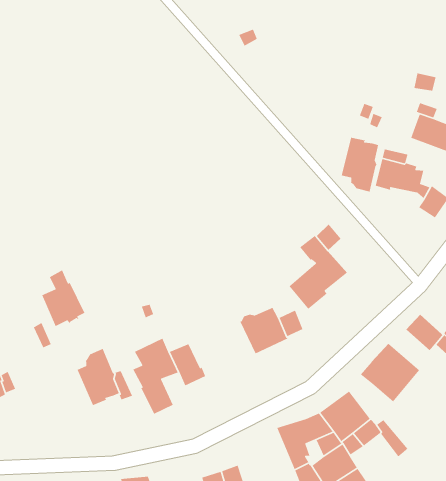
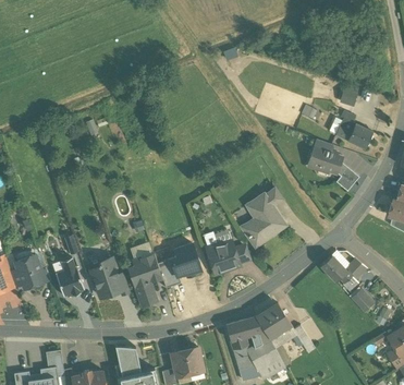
building: [341,137,379,192] -> none
building: [41,269,86,327] -> [56,257,85,297]
building: none -> [169,243,200,277]
building: [360,343,420,402] -> none

